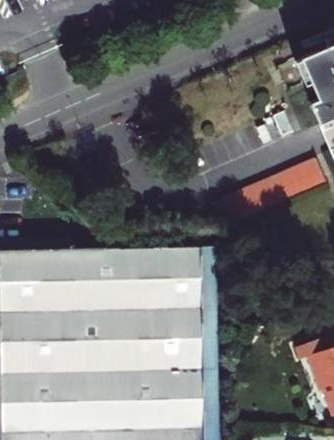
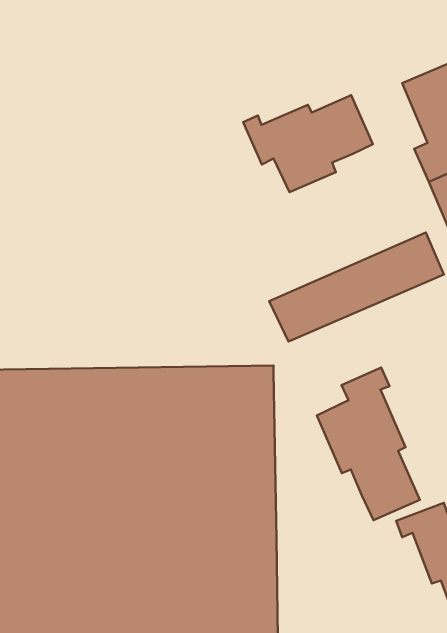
building: none -> [243,95,373,192]
building: none -> [317,368,420,520]

